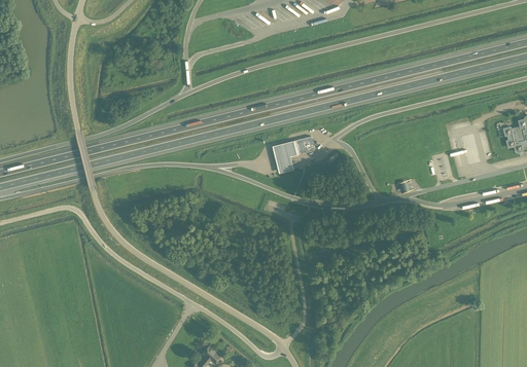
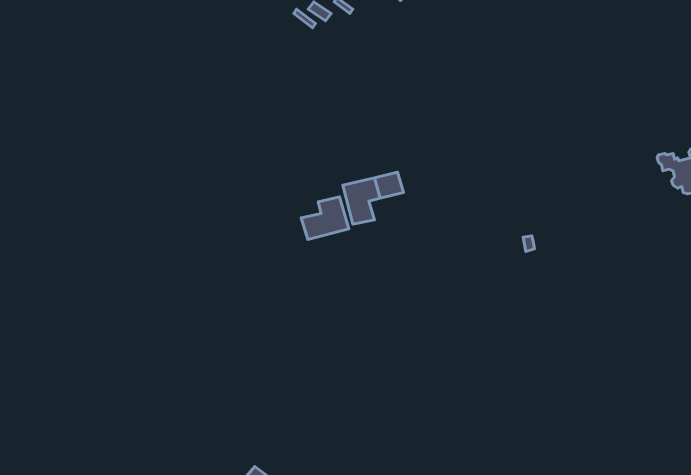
building: none -> [301,197,349,239]

